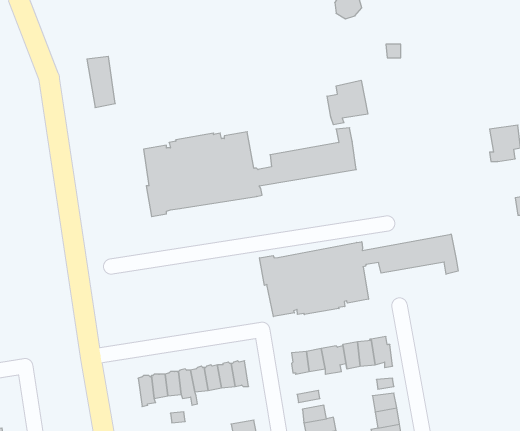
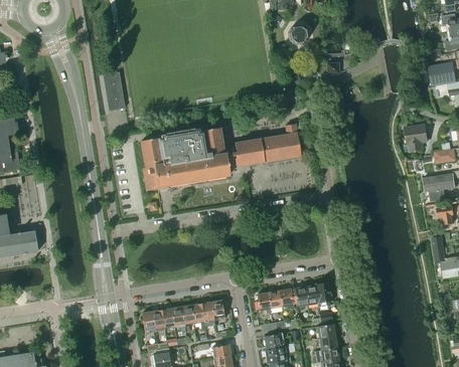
building: [327,80,368,125] -> none
building: [260,234,458,317] -> none

